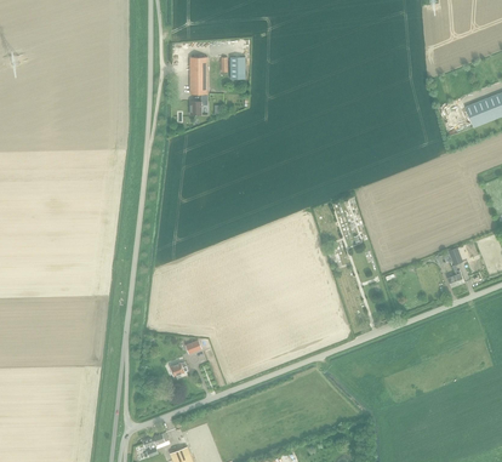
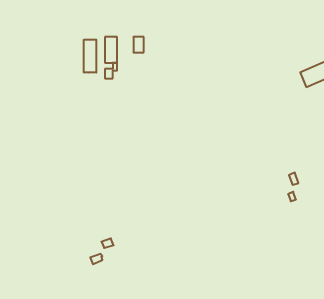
building: none -> [84,40,96,73]

